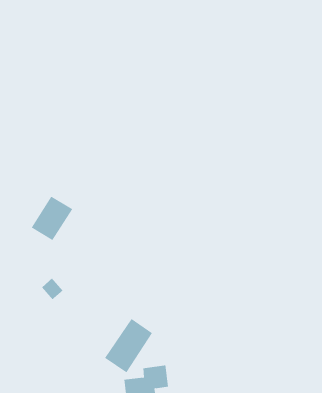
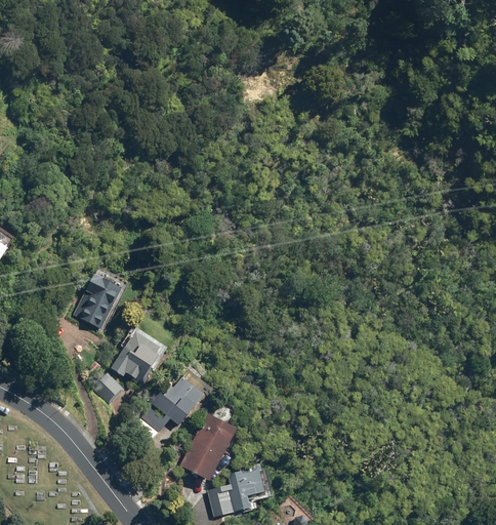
building: none -> [112,331,161,381]
building: none -> [141,377,204,432]

